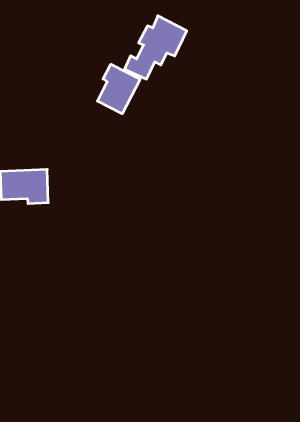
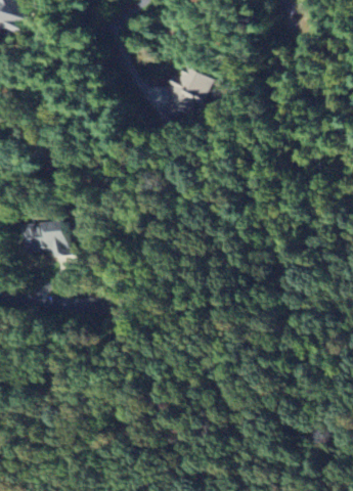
building: [97,64,140,114] -> none

